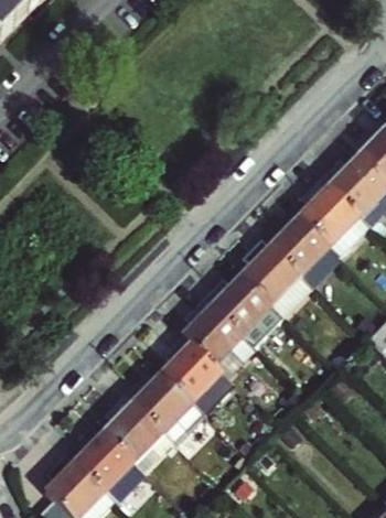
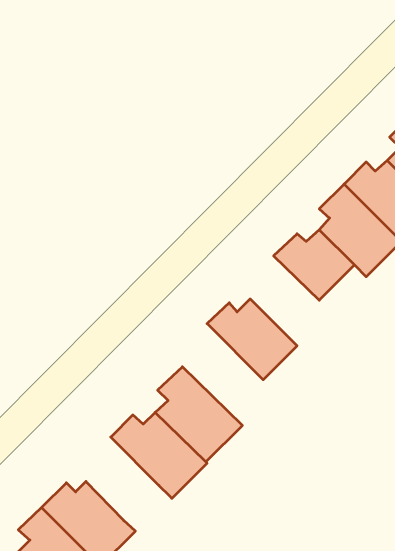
building: [243,238,310,314] -> none
building: [185,295,266,382] -> none
building: [104,391,174,471] -> none

